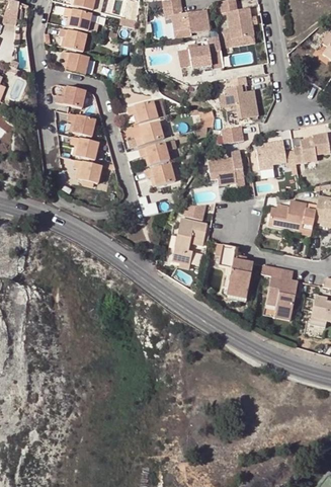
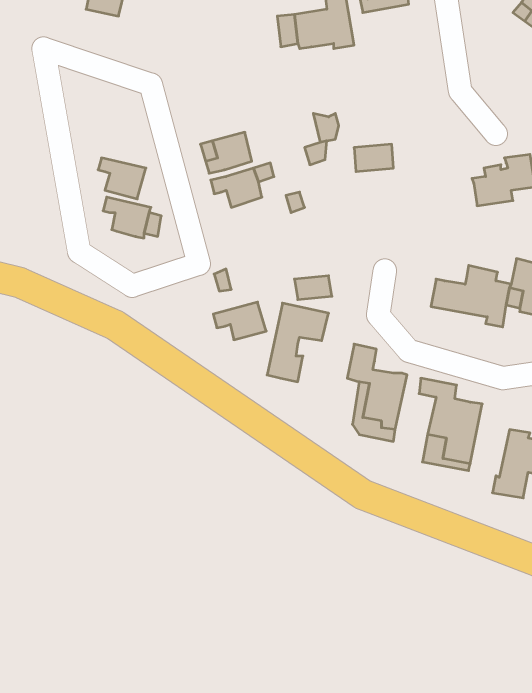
building: [61,50,89,73] -> none
building: [223,77,257,118] -> none
building: [55,85,85,106] -> none
building: [126,99,156,120] -> none
building: [67,112,94,135] -> none
building: [255,140,295,169] -> none
building: [206,154,243,182] -> none
building: [142,162,173,184] -> [213,302,266,340]

